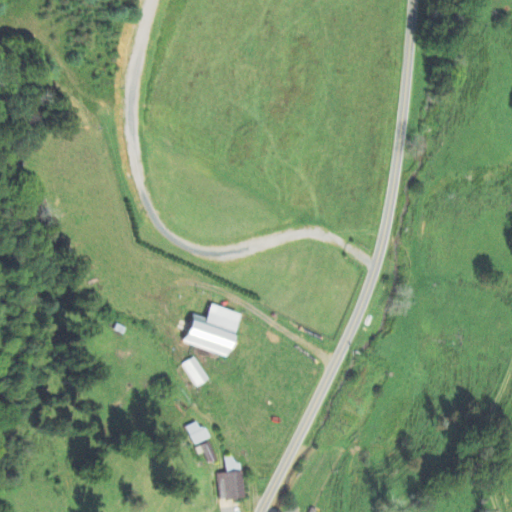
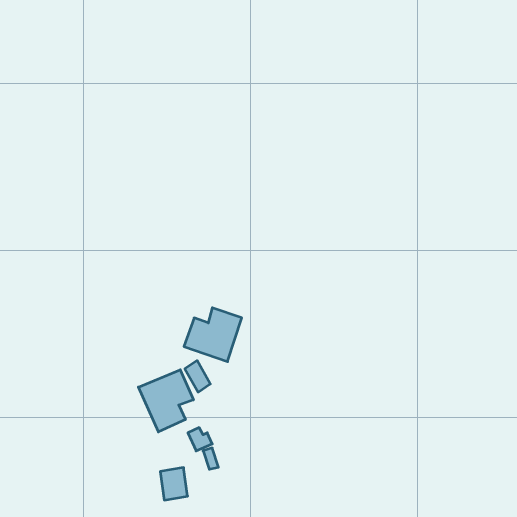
building: none -> [138,370,193,432]
building: [218,468,245,500] -> [160,468,188,500]

